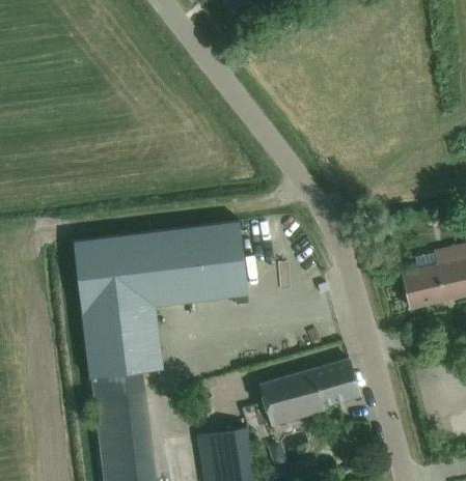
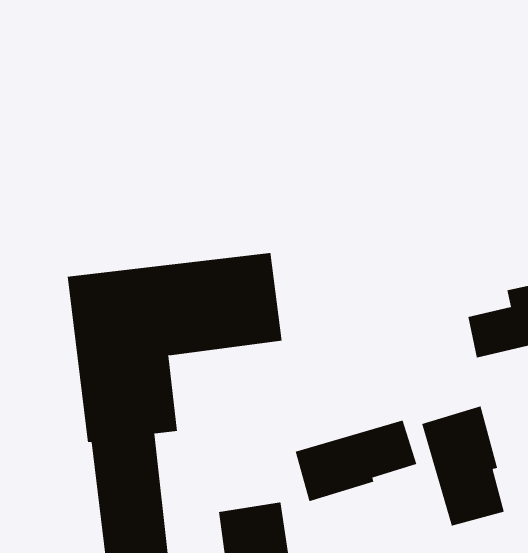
building: none -> [421,405,504,527]

